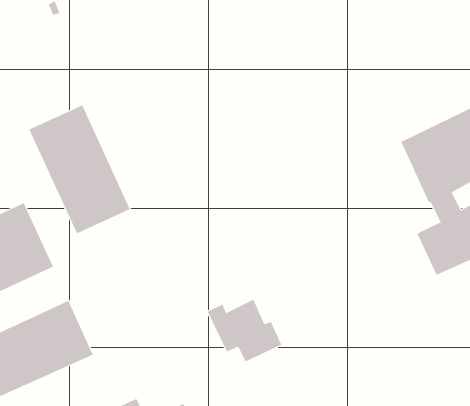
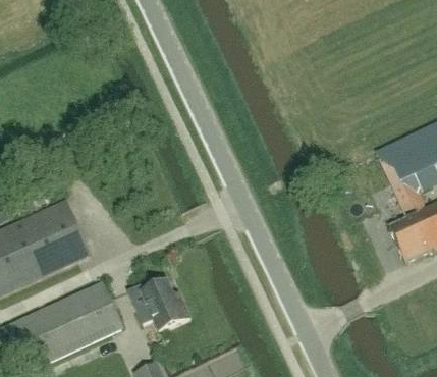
building: [29,105,131,234] -> none
building: [207,299,282,362] -> [128,280,190,332]

